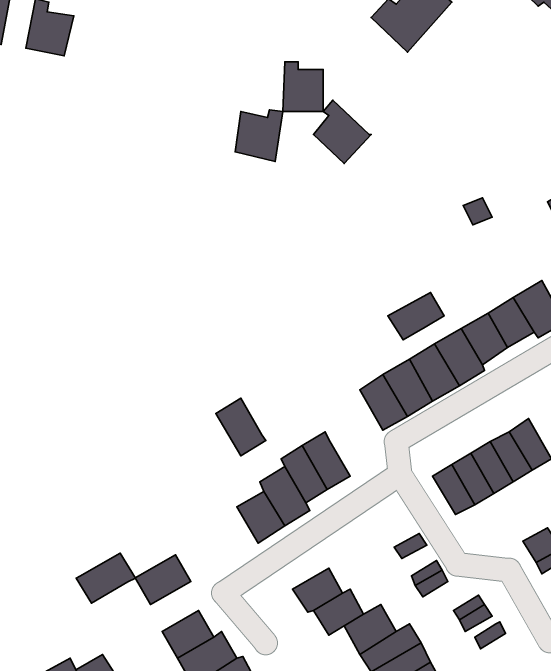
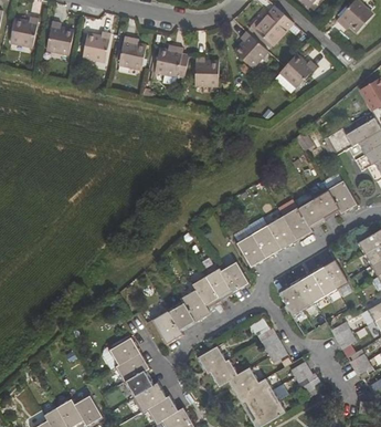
building: none -> [81,29,109,59]
building: none -> [117,33,145,66]
building: none -> [277,51,314,85]
building: [314,100,371,163] -> [233,29,266,65]
building: [235,110,283,161] -> [154,44,181,74]
building: [388,293,444,340] -> none
building: [216,398,266,456] -> [152,311,181,344]
building: none -> [220,262,248,293]
building: [76,553,135,603] -> [115,354,149,383]

